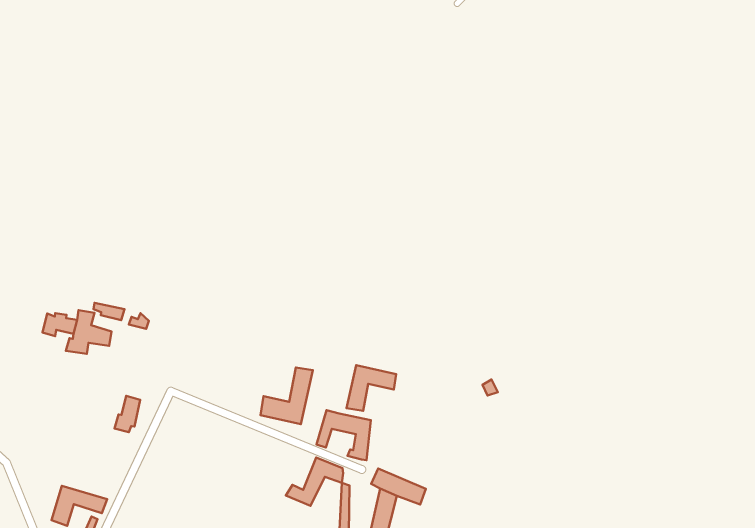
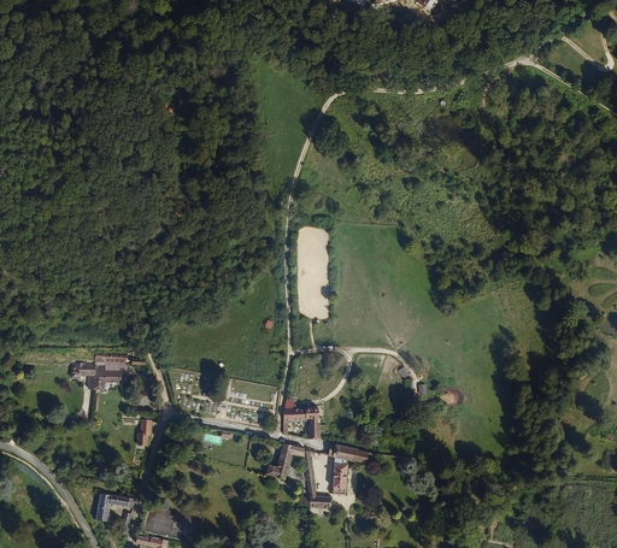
building: [346,365,396,411] -> none
building: [260,368,313,424] -> none

